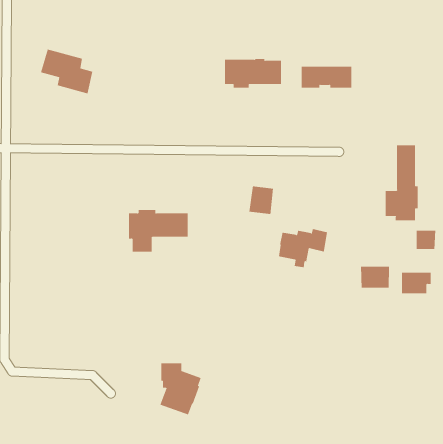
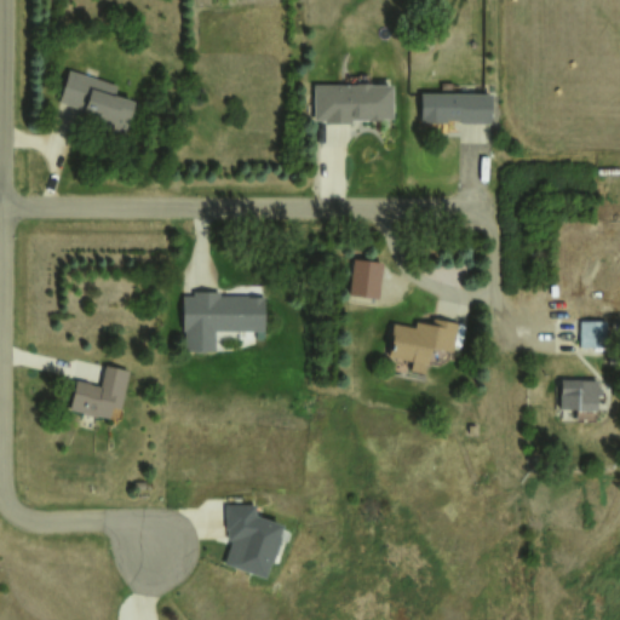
building: [385,144,418,221] -> none
building: none -> [70,366,131,419]
building: [360,266,390,289] -> none

